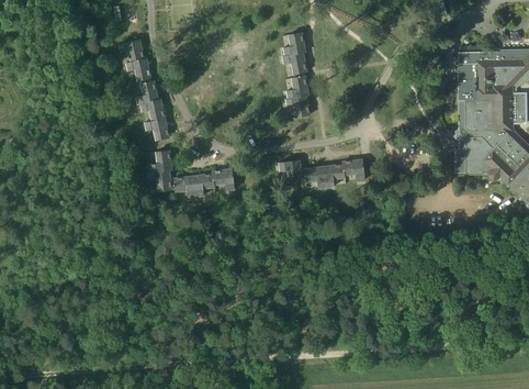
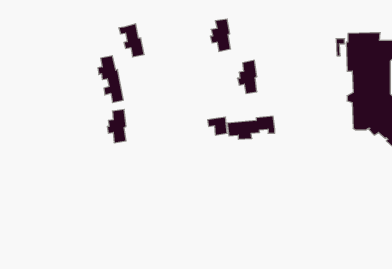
building: [119,38,151,81] -> [119,24,144,57]
building: [284,75,309,118] -> [237,60,257,94]
building: [173,168,235,198] -> none

